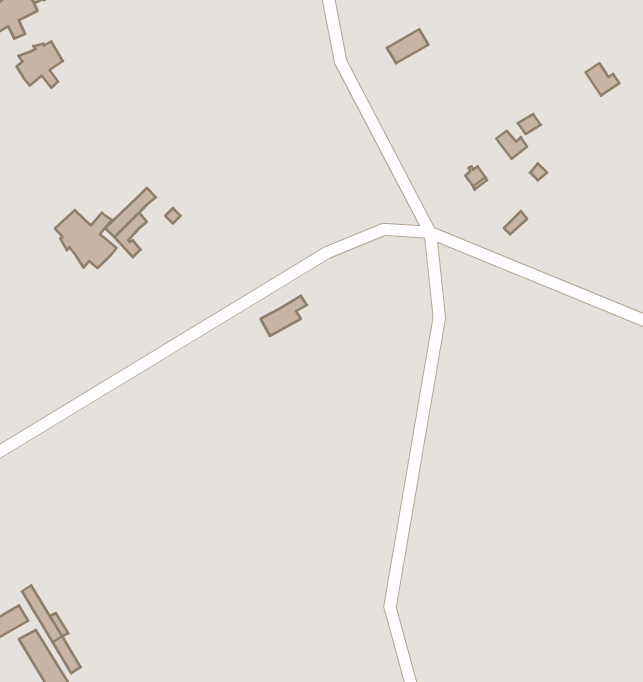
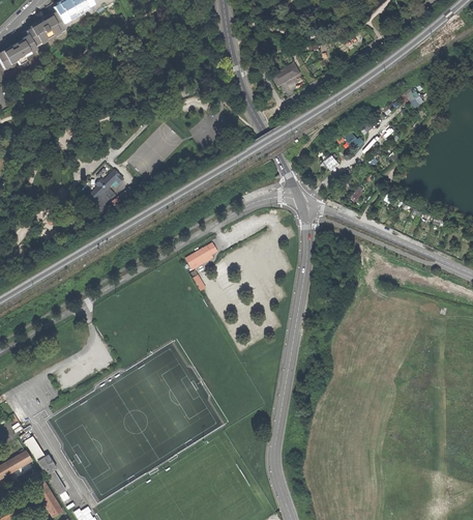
building: [17,41,63,88] -> none
building: [55,210,116,268] -> none

